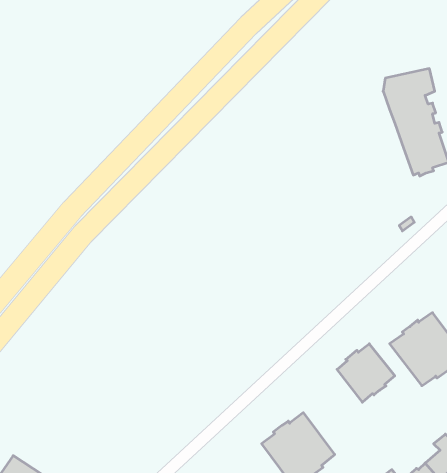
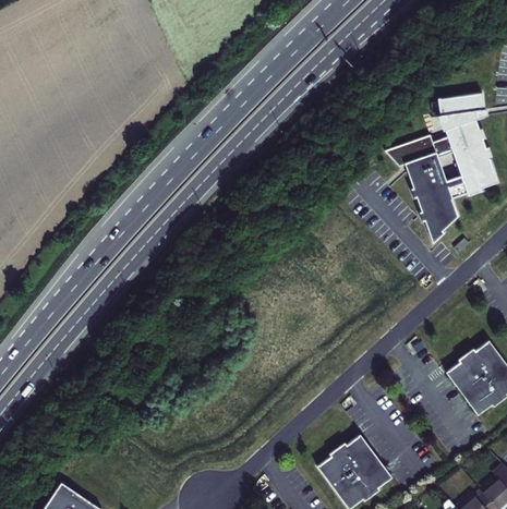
building: none -> [382,131,468,245]
building: [337,344,395,402] -> none

